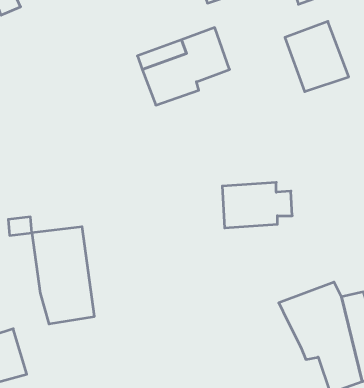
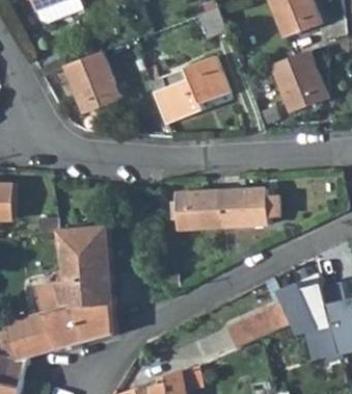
building: none -> [64,52,118,113]
building: none -> [174,191,221,229]
building: none -> [38,282,115,350]
building: none -> [227,305,286,349]

